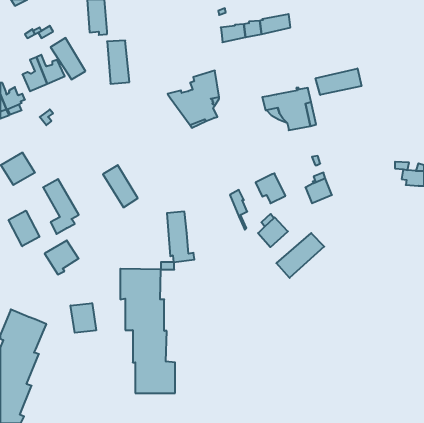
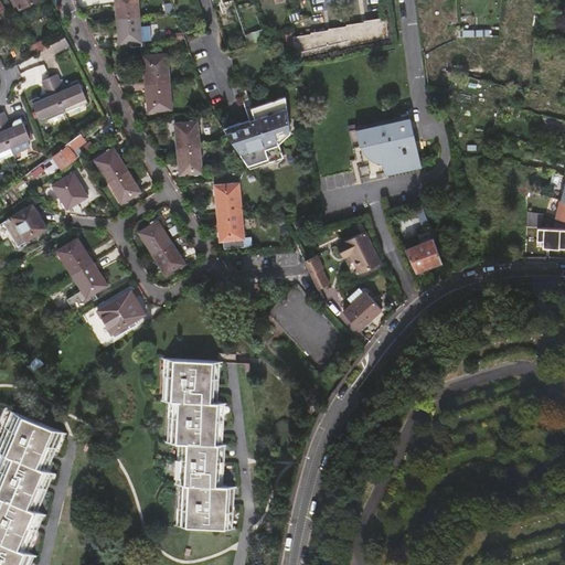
building: [51,38,85,79] -> [93,148,139,203]
building: [316,68,361,95] -> none
building: none -> [173,120,201,173]
building: none -> [52,172,87,210]
building: [9,211,39,246] -> none
building: [167,212,194,262] -> [214,182,250,249]
building: [276,233,324,278] -> none
building: [45,240,79,274] -> [100,289,146,334]
building: [71,303,96,333] -> none

